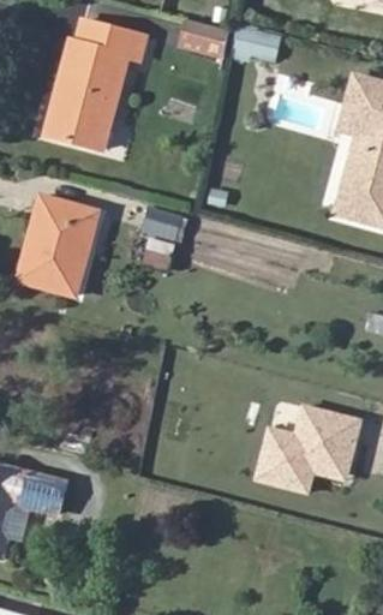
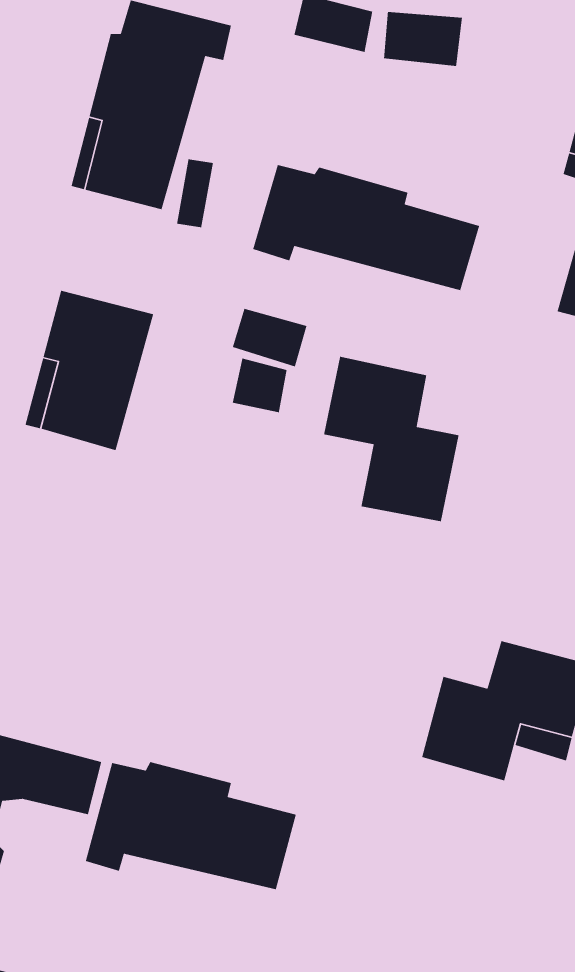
building: none -> [252,164,480,291]
building: none -> [323,356,460,522]
building: none -> [85,761,297,890]

